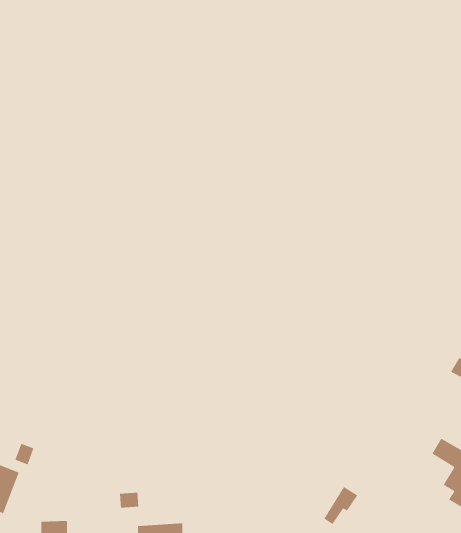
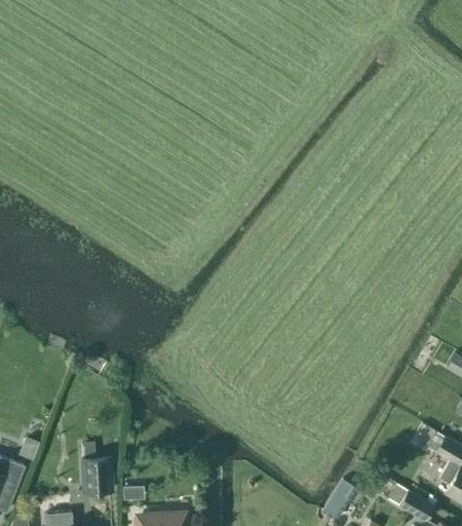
building: none -> [83,457,112,491]
building: none -> [389,484,434,520]

